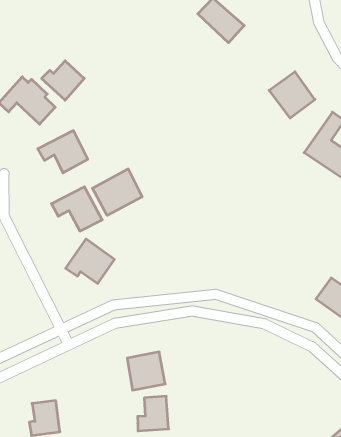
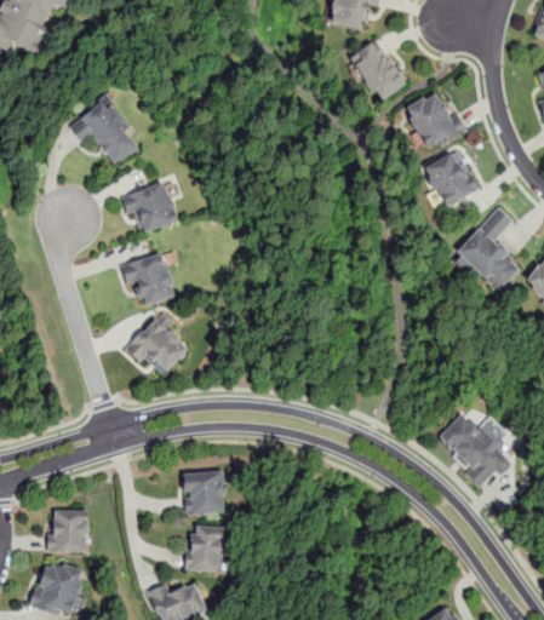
building: none -> [400,93,463,145]
building: [42,61,84,100] -> none
building: [92,169,142,215] -> none

